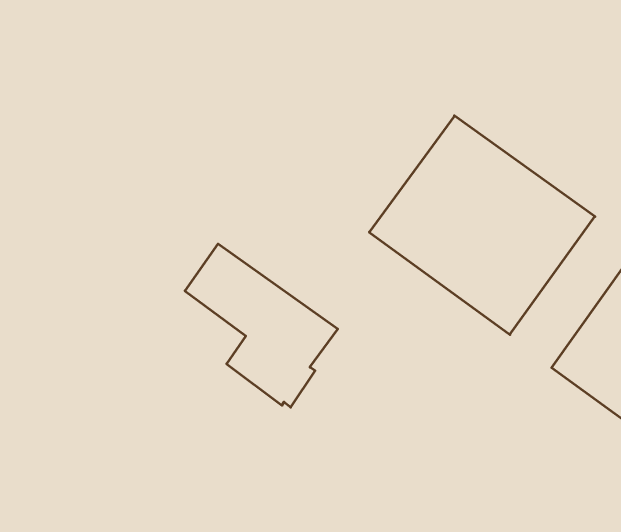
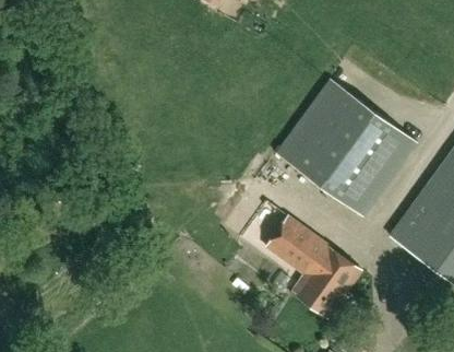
building: [185,244,338,407] -> [265,216,361,319]

